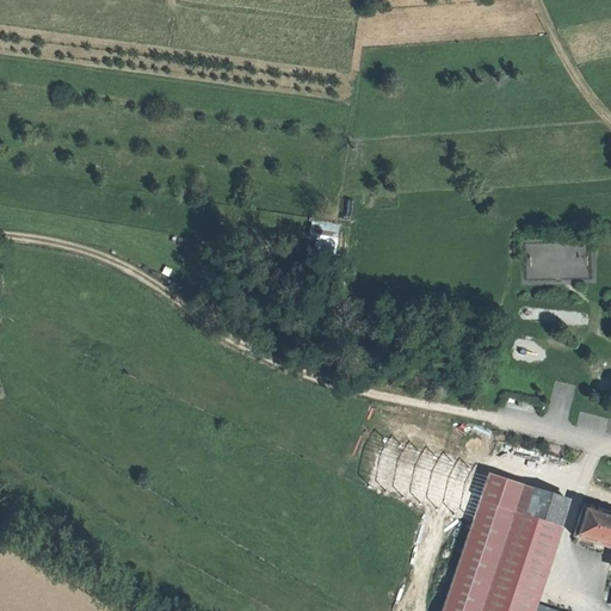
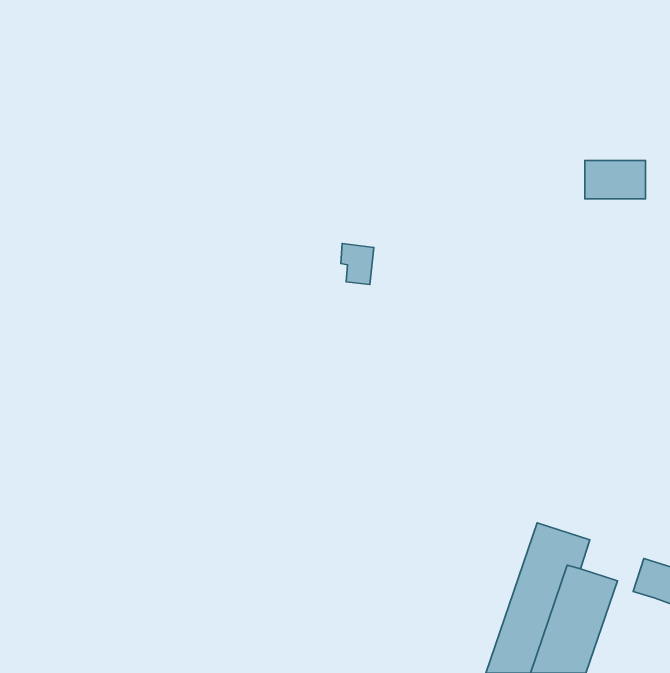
building: [535,243,590,278] -> [585,161,645,199]
building: [529,489,570,526] -> none

